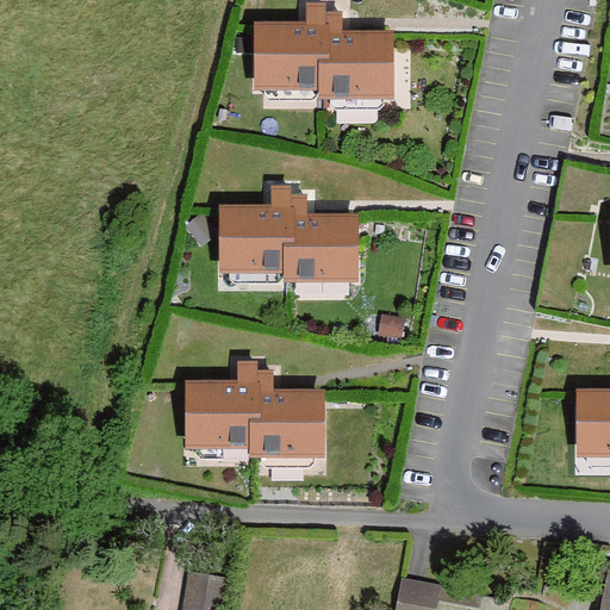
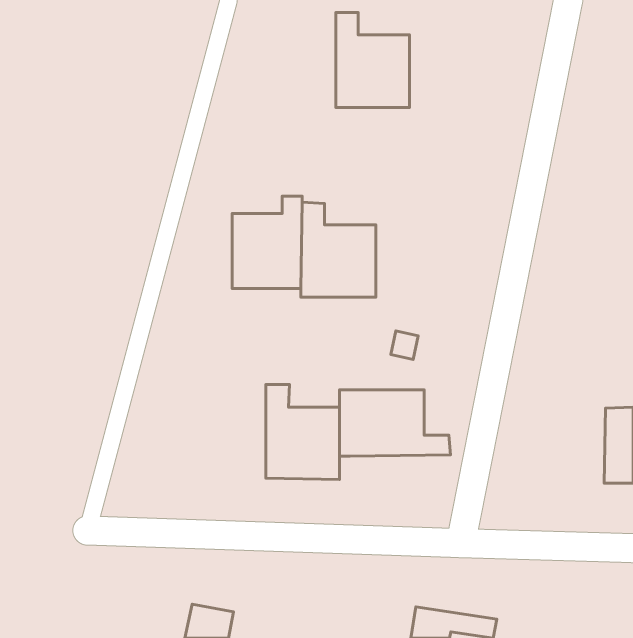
building: [254,6,320,94] -> none
building: [187,360,254,449] -> none
building: none -> [340,390,450,456]

